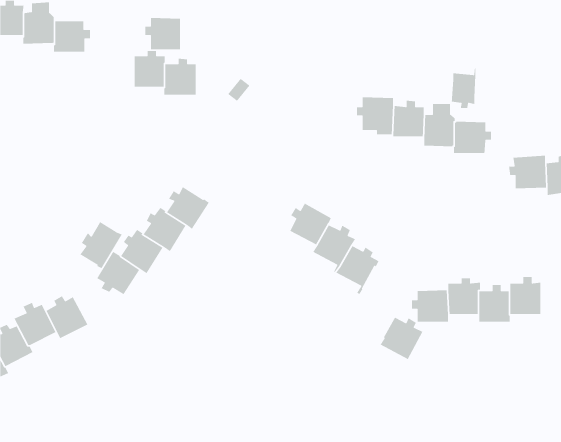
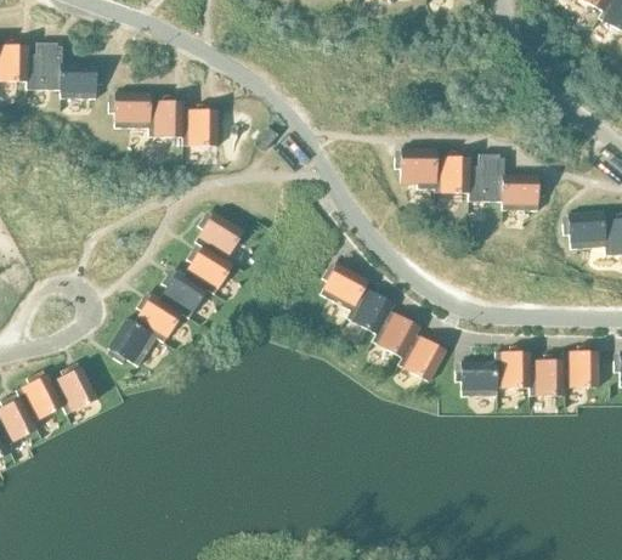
building: [145,17,181,58] -> [109,91,149,136]
building: [451,68,476,109] -> none
building: none -> [196,210,244,259]
building: [79,221,123,269] -> none
building: [379,316,423,360] -> [398,333,447,381]

